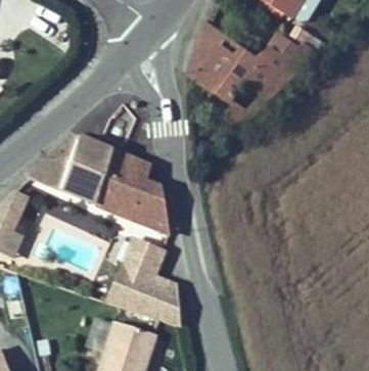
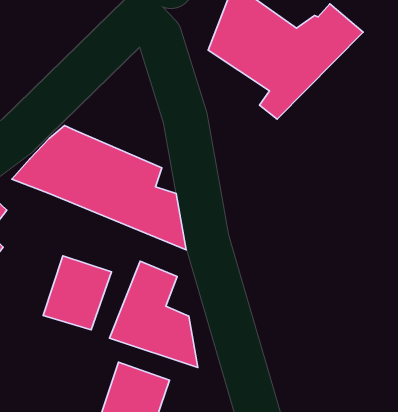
building: none -> [43,256,112,330]

